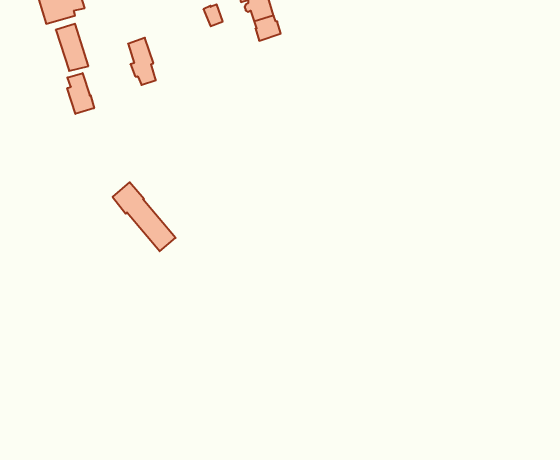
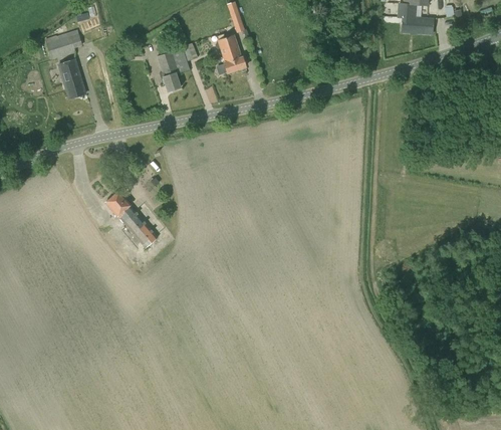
building: [128,38,156,85] -> [157,52,180,91]
building: [67,73,94,114] -> none

